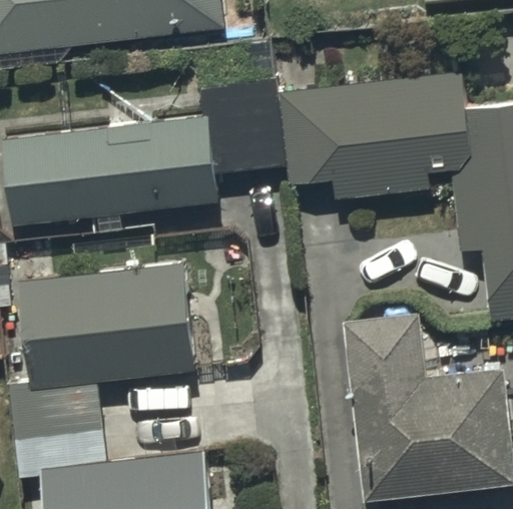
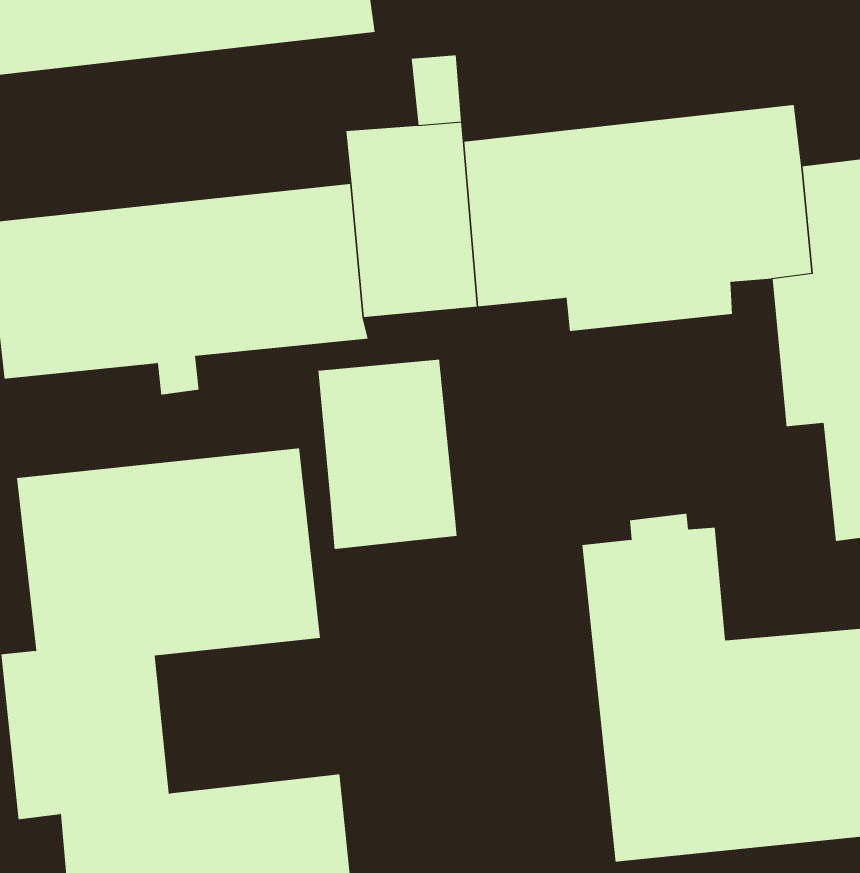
building: none -> [318,359,457,550]

